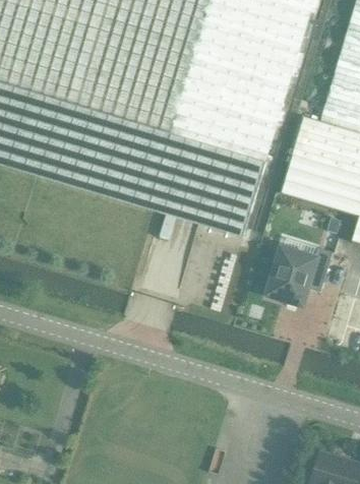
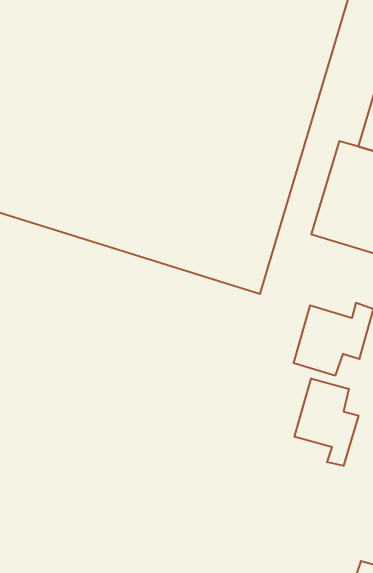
building: none -> [294,378,358,466]

